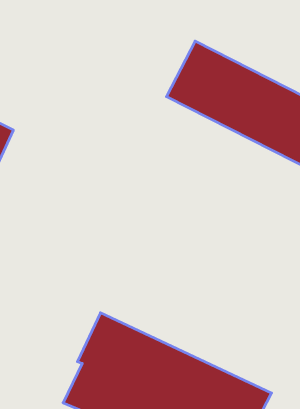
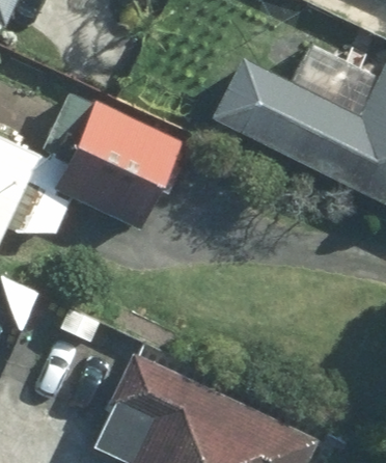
building: none -> [55,100,182,229]

